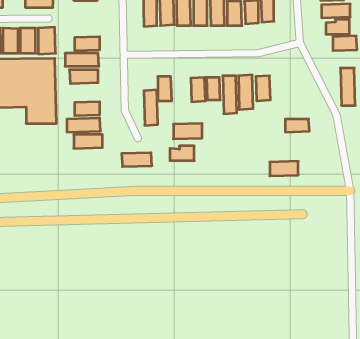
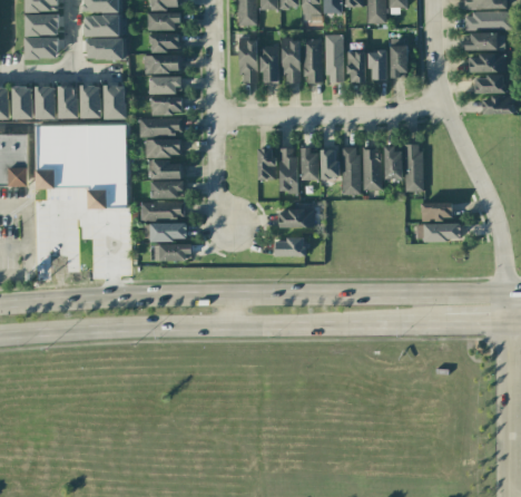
building: none -> [144,55,179,72]
building: none -> [148,77,180,94]
building: [340,68,355,105] -> [403,144,422,192]
building: none -> [148,162,181,179]
building: [144,90,158,125] -> [278,147,296,193]
building: [122,153,152,167] -> [153,243,191,261]
building: [270,161,298,176] -> [423,223,460,242]

